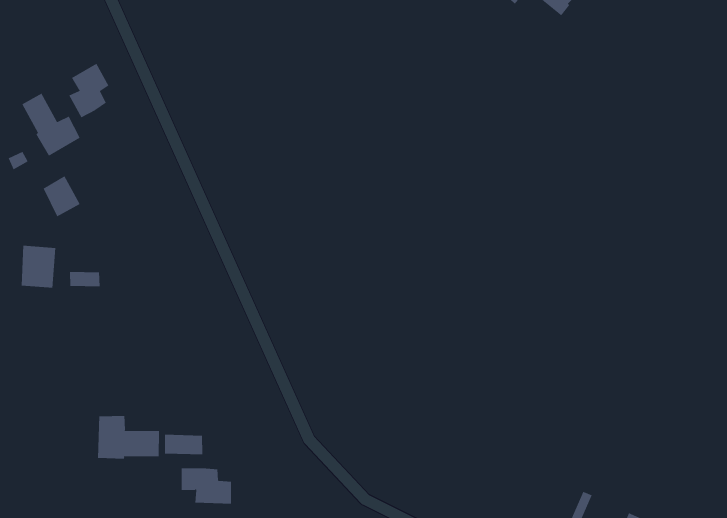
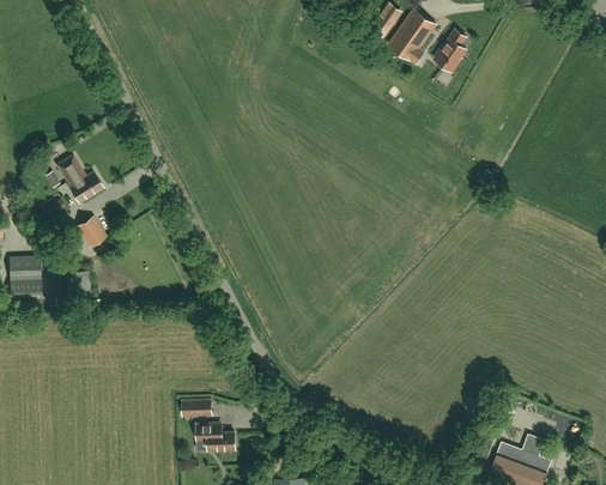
building: [68,63,109,118] -> none
building: [98,415,160,460] -> none

